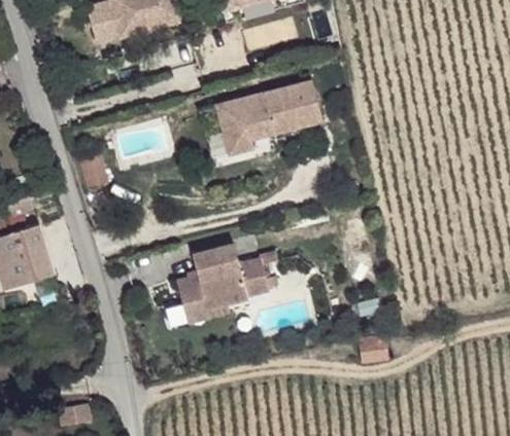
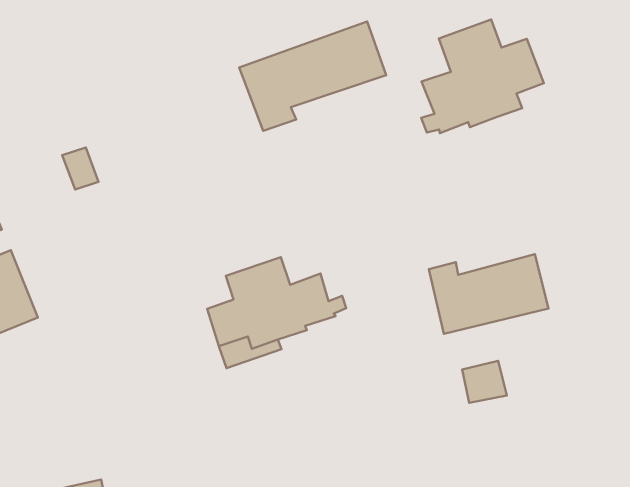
building: none -> [421,20,544,133]
building: none -> [429,254,549,334]

